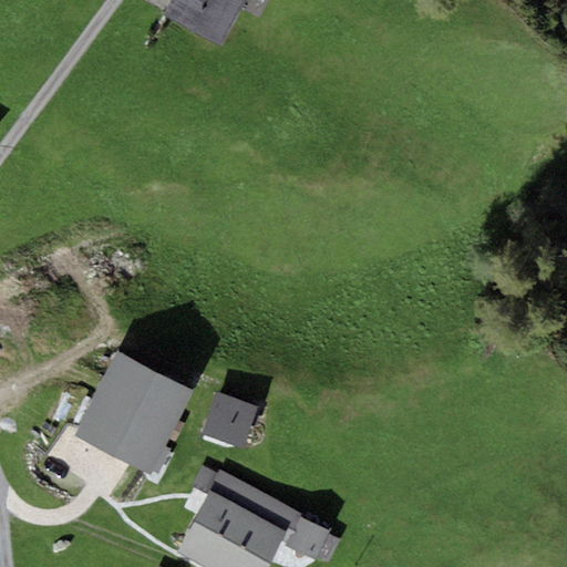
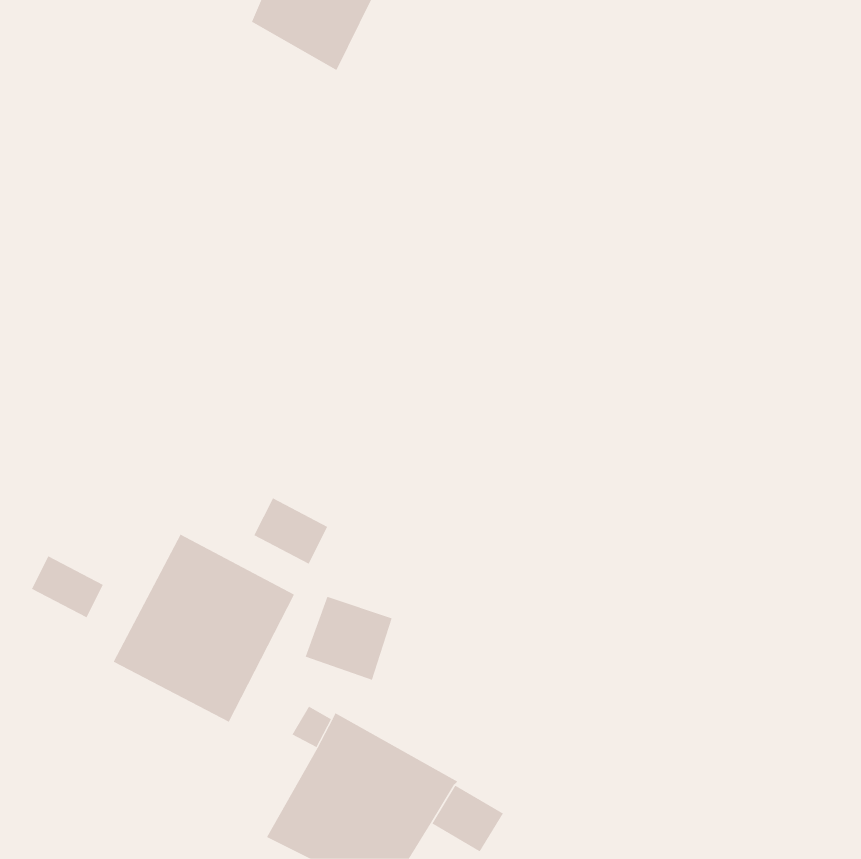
building: none -> [254,497,328,565]
building: none -> [31,555,104,618]

